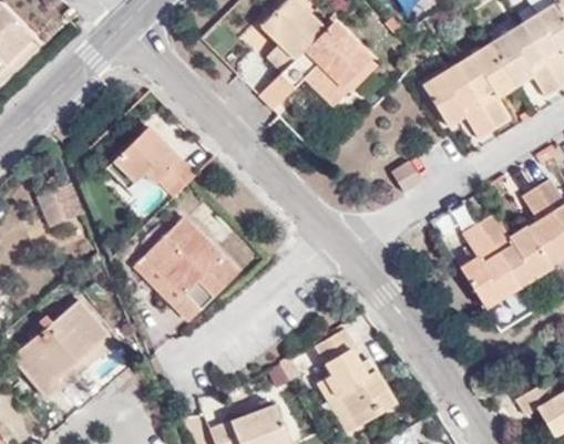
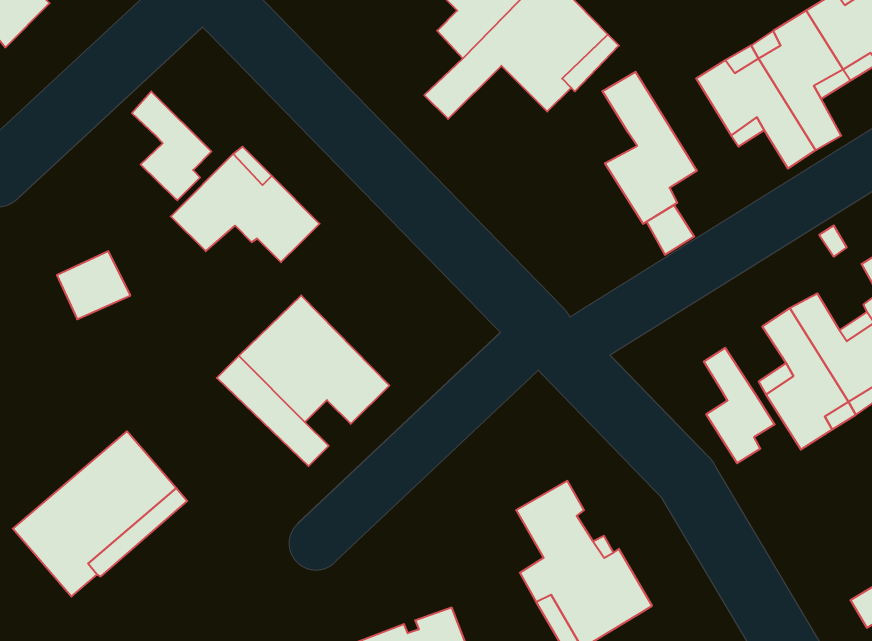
building: none -> [602,72,697,224]
building: none -> [132,91,211,200]
building: none -> [704,348,775,463]

